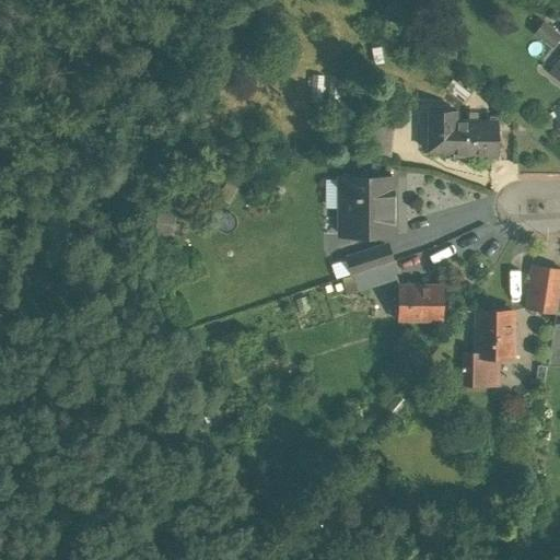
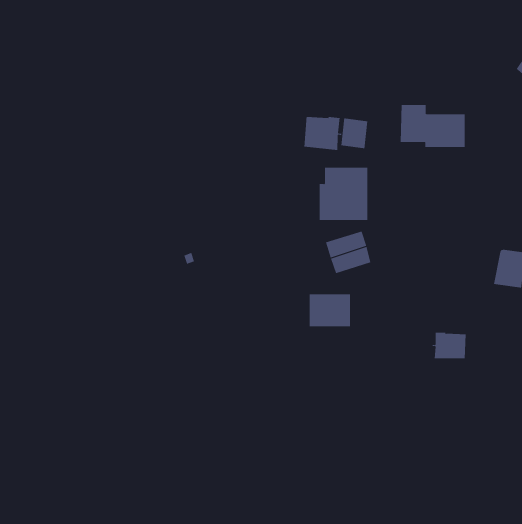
building: none -> [304,116,342,151]
building: [398,287,443,322] -> [309,294,351,327]
building: [478,312,514,357] -> none

